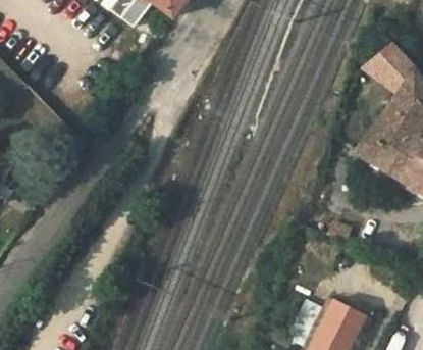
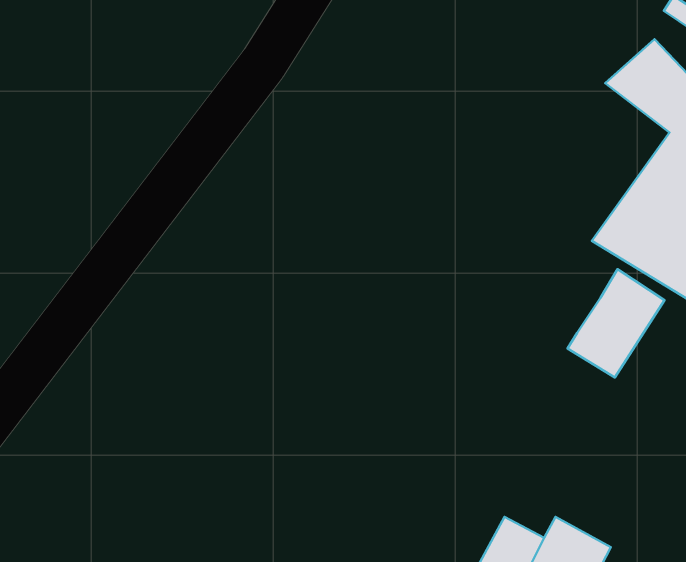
building: none -> [568,269,664,377]

